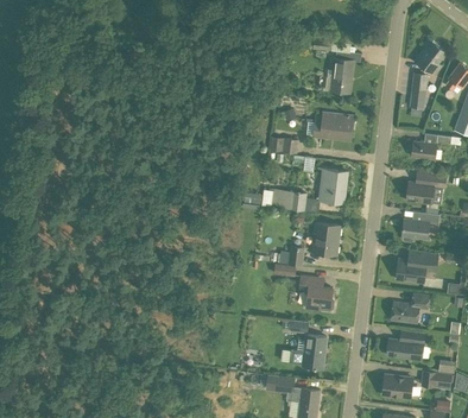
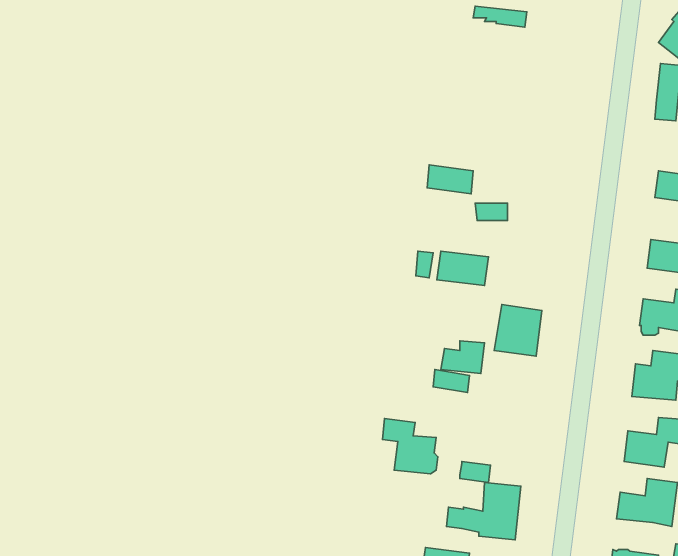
building: [325,50,362,93] -> none
building: [314,112,355,138] -> none
building: [320,169,348,202] -> none
building: [299,276,334,310] -> [383,419,438,474]

